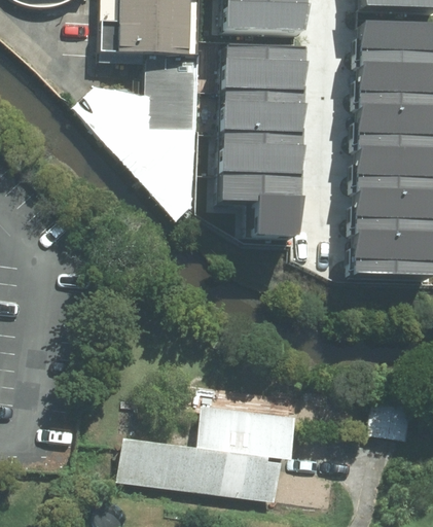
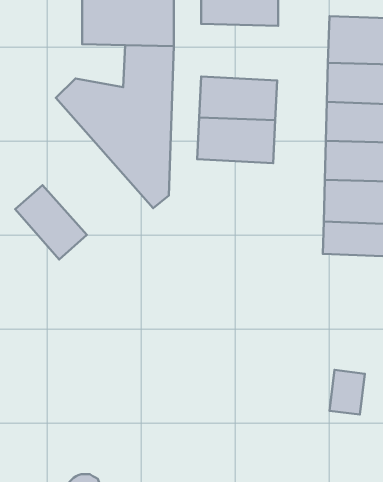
building: [226,45,309,87] -> none
building: [221,171,304,233] -> none
building: none -> [15,185,87,259]
building: [108,407,286,502] -> none

